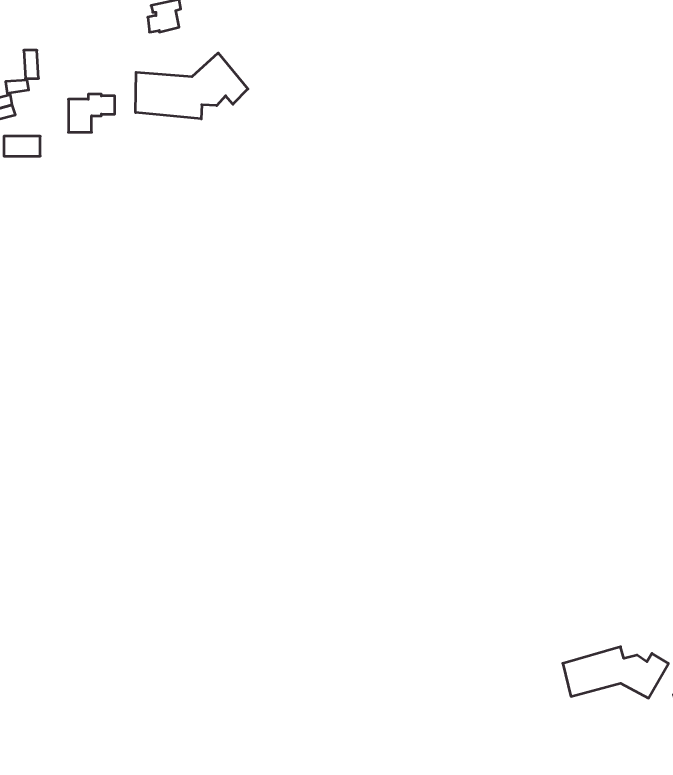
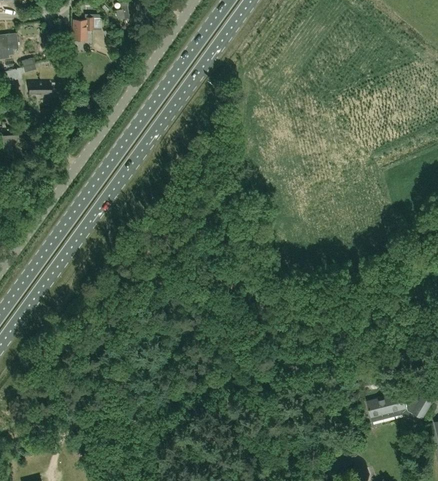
building: [136,53,248,119] -> none
building: [68,94,115,132] -> [73,17,101,40]

